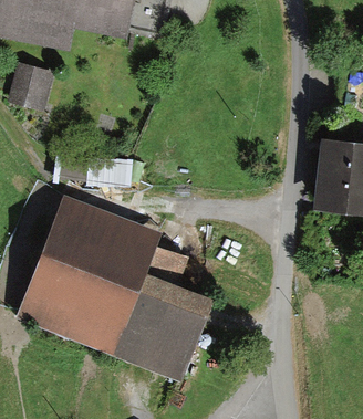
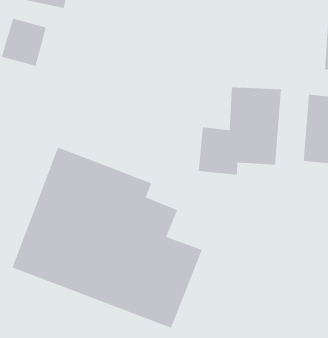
building: none -> [198,87,282,175]

